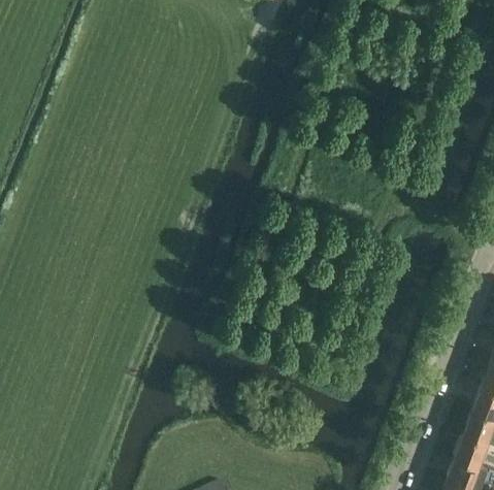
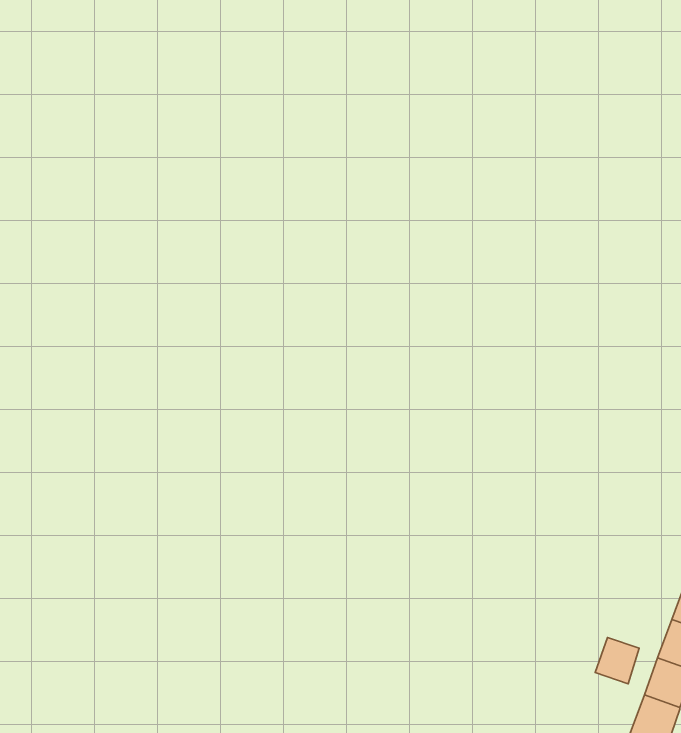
building: none -> [595,638,639,684]

